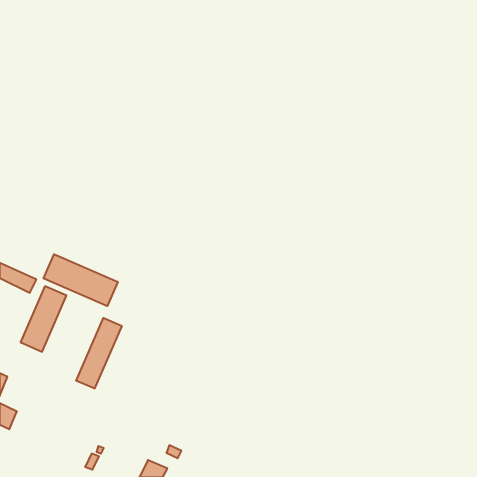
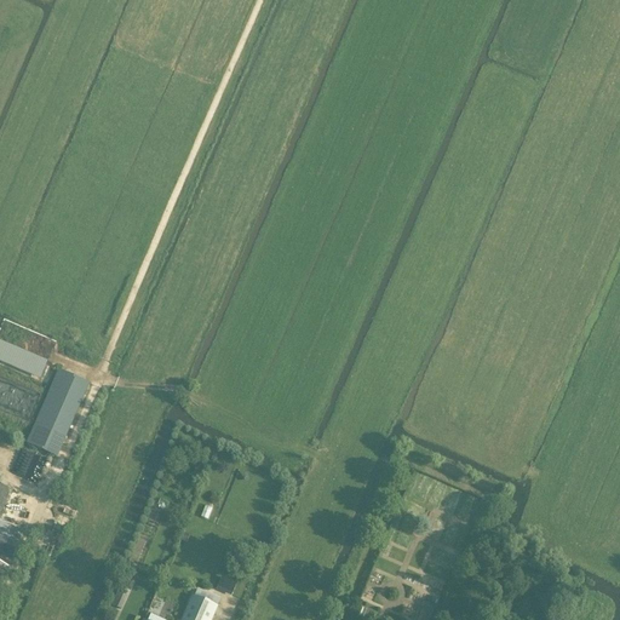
building: [44,254,118,306] -> none
building: [76,318,122,389] -> none

